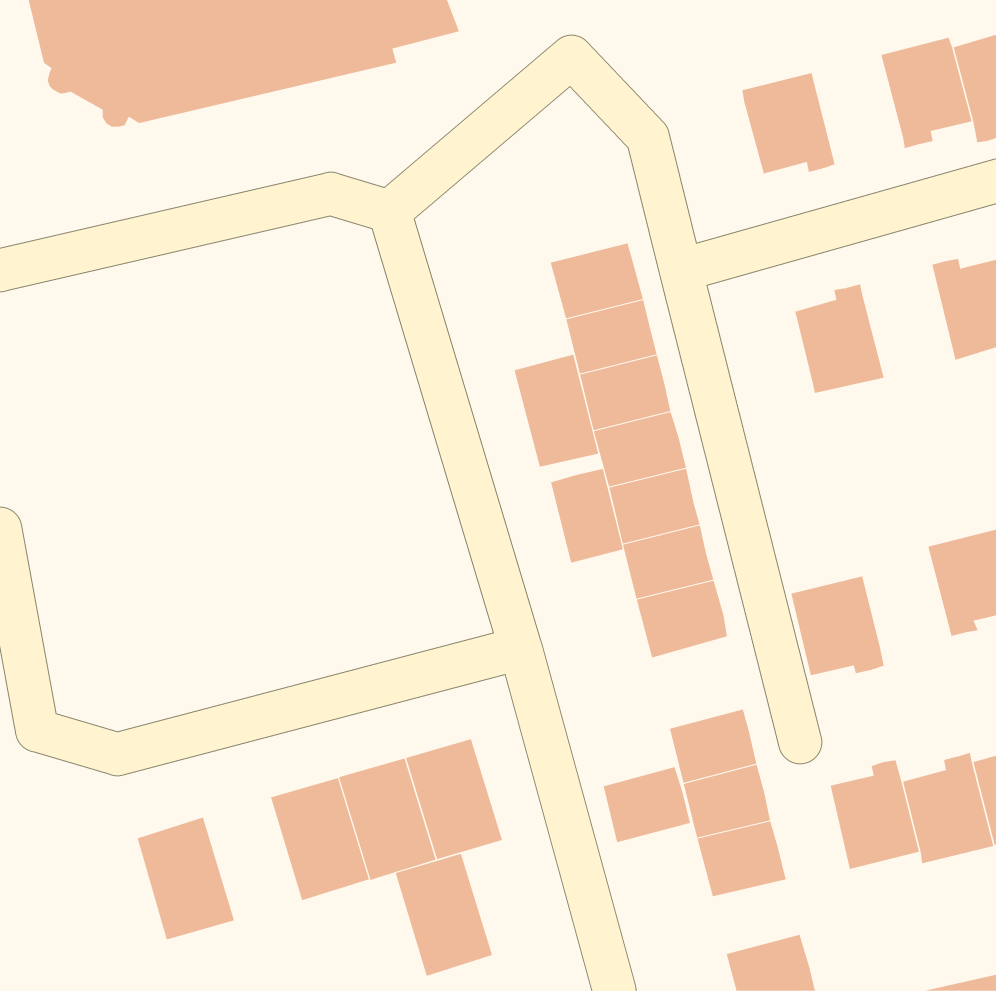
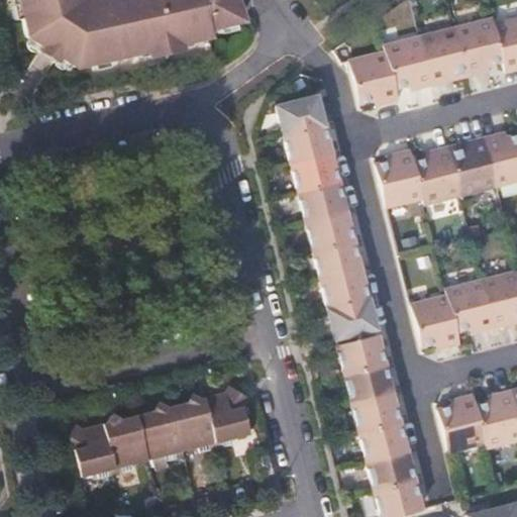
building: none -> [421,28,468,85]
building: none -> [350,53,399,105]
building: none -> [279,95,326,135]
building: none -> [447,136,495,195]
building: none -> [374,149,421,207]
building: [514,354,599,467] -> none
building: [550,468,624,564] -> none
building: none -> [445,282,493,333]
building: [603,766,691,843] -> [340,336,386,376]
building: [395,853,493,977] -> [107,411,158,475]
building: none -> [370,453,415,492]

